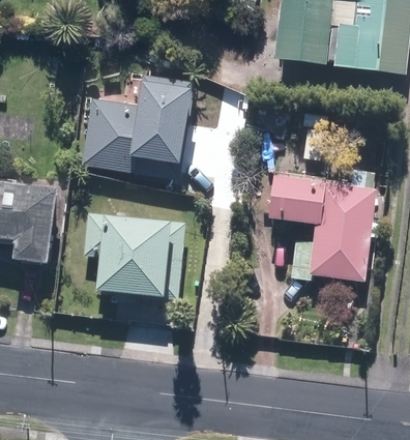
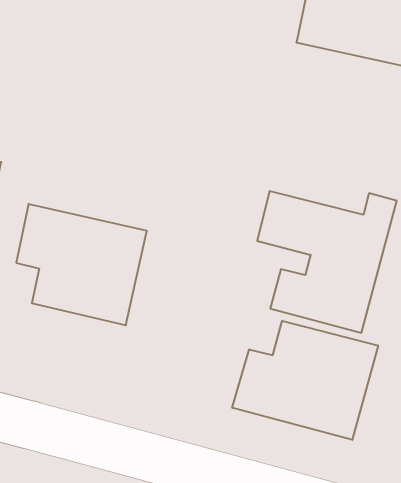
building: [83,79,193,172] -> none
building: none -> [232,321,378,440]

